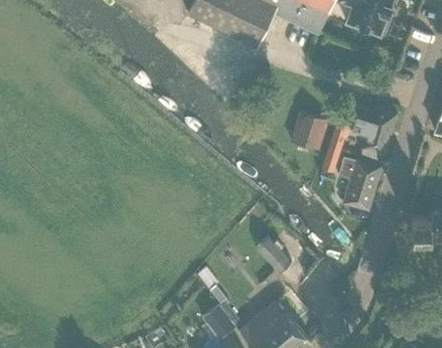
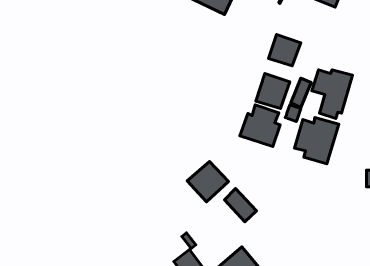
building: none -> [269,35,301,66]
building: none -> [240,105,280,146]
building: none -> [187,161,228,202]

